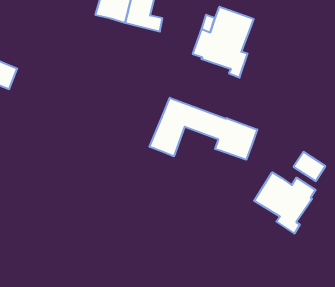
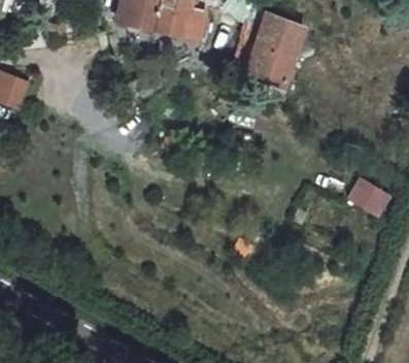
building: [150,98,257,160] -> none
building: [254,172,316,234] -> none

